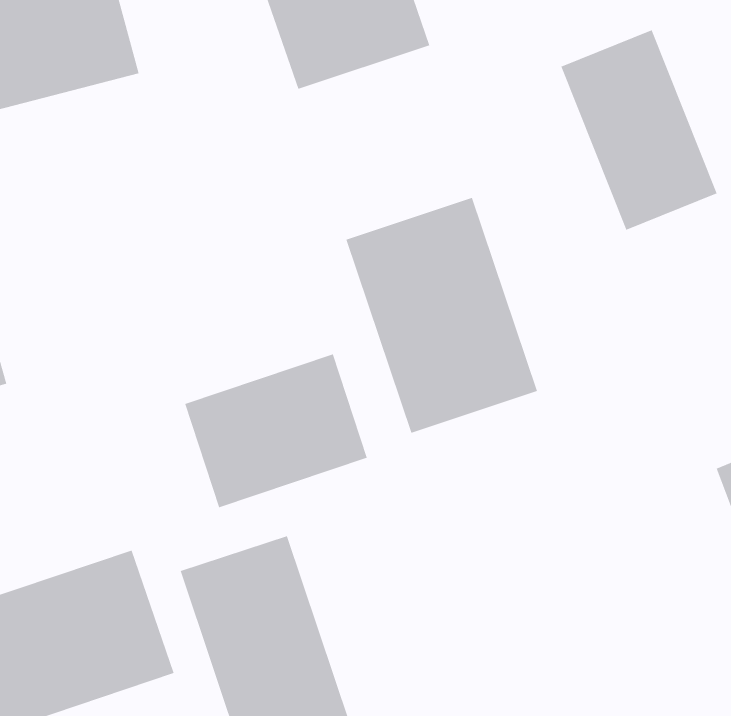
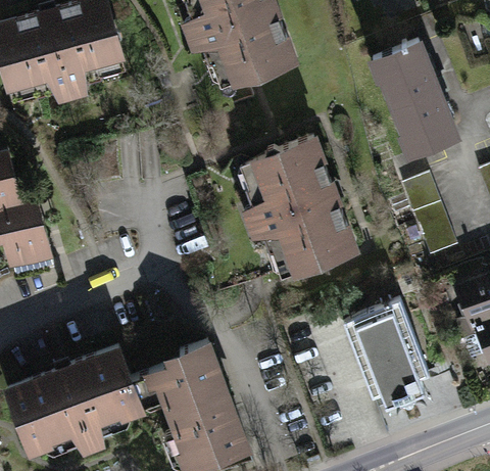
building: none -> [404,182,461,265]
building: [184,353,368,508] -> none
building: none -> [347,314,431,418]

